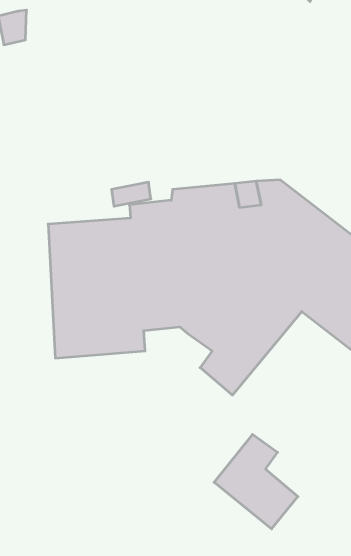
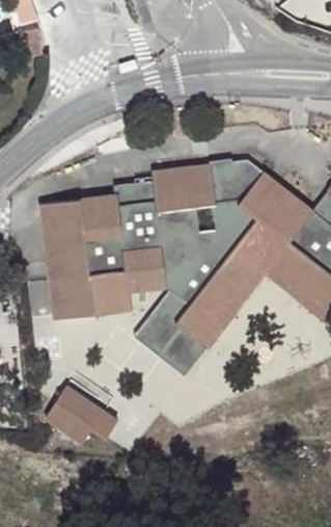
building: [214,434,298,529] -> [136,296,209,378]
building: none -> [46,387,120,445]

